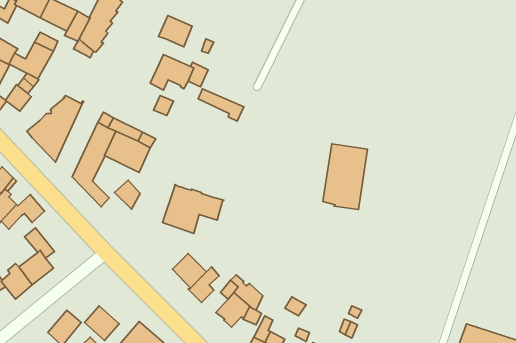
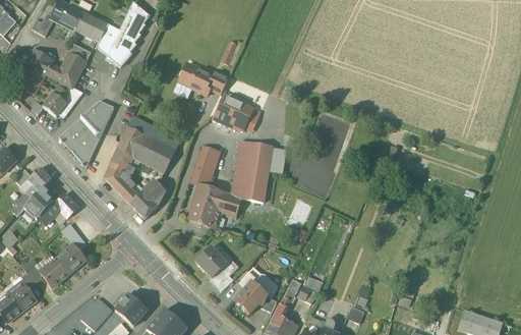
building: [159,15,192,47] -> none
building: none -> [213,105,247,130]
building: [323,144,368,209] -> [231,142,272,202]
building: none -> [190,147,217,187]
building: none -> [130,190,158,219]

